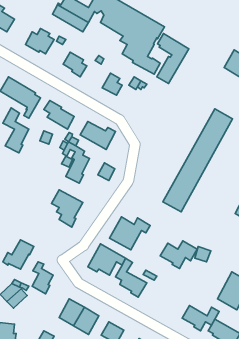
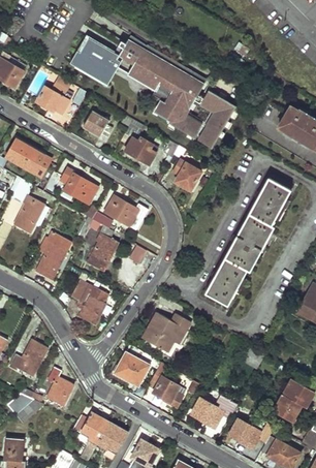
building: none -> [173,159,201,189]
building: none -> [35,239,64,281]
building: [160,241,197,269] -> [191,397,236,431]

